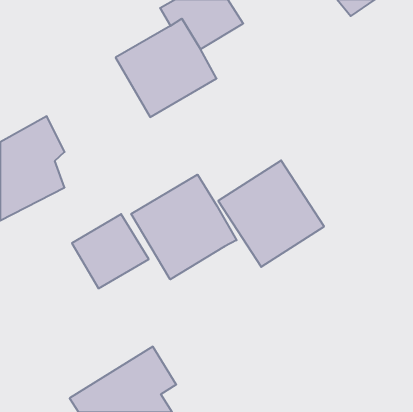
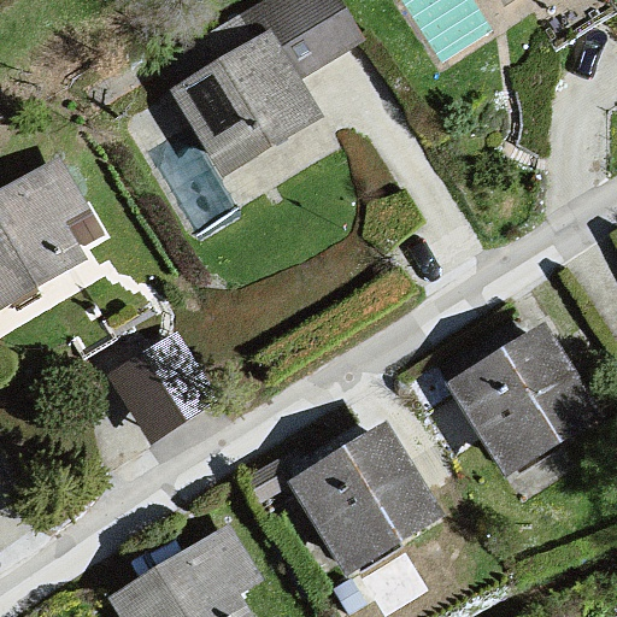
building: [218,160,324,267] -> [443,317,601,476]
building: [131,175,237,279] -> none
building: none -> [284,427,443,587]

